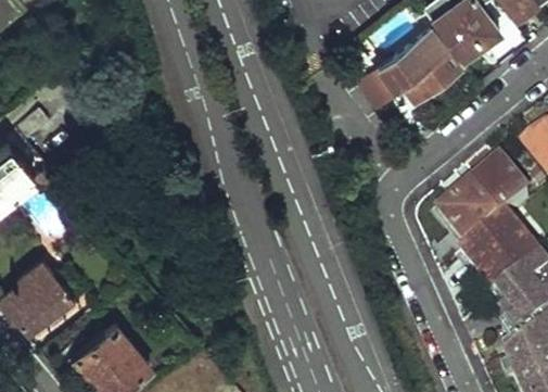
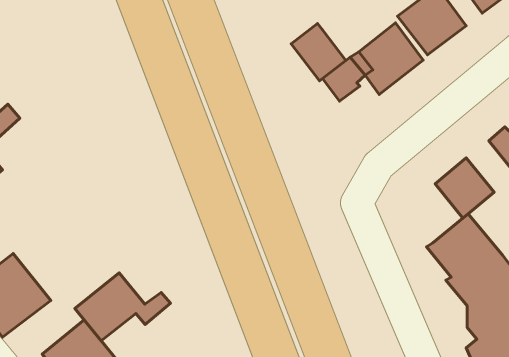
building: none -> [291,24,346,81]
building: [439,190,499,250] -> none
building: none -> [75,273,171,341]

